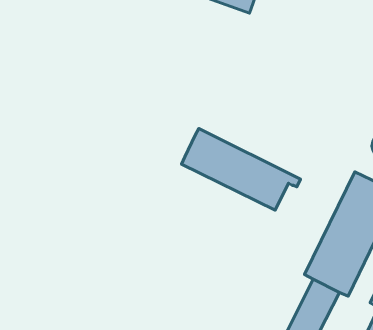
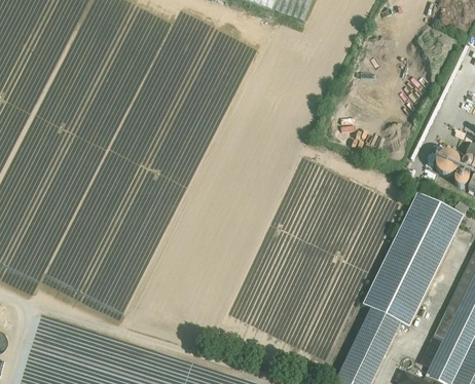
building: [182,128,301,210] -> none

